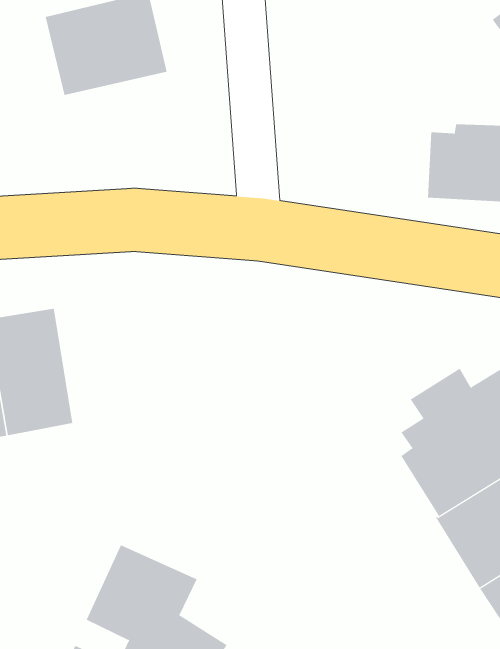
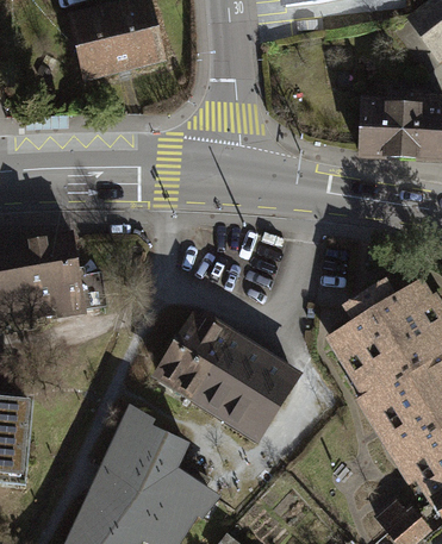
building: none -> [150,304,300,440]

